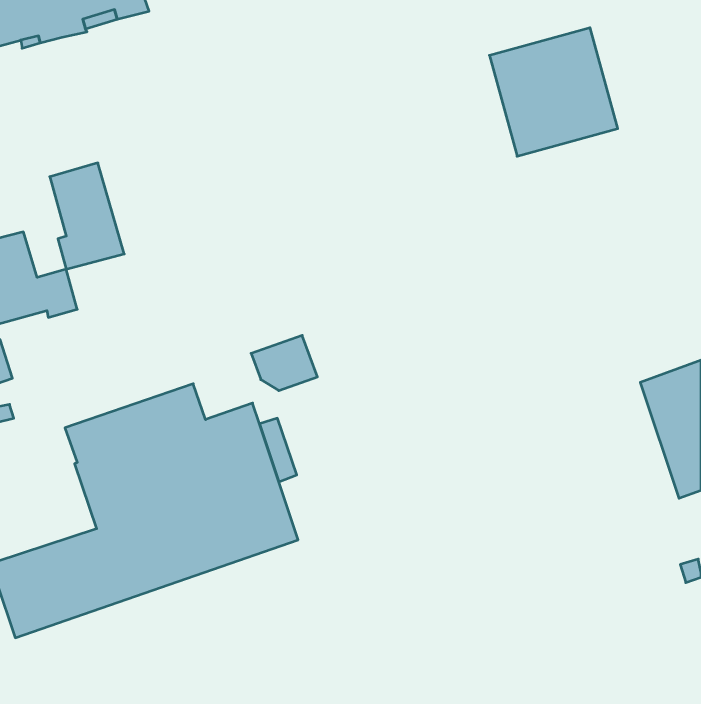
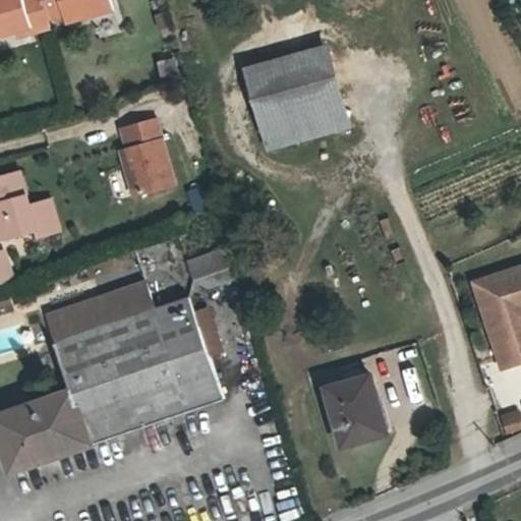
building: [489,28,618,156] -> [249,49,344,143]
building: [50,163,124,269] -> [119,117,174,195]
building: none -> [325,375,385,445]

